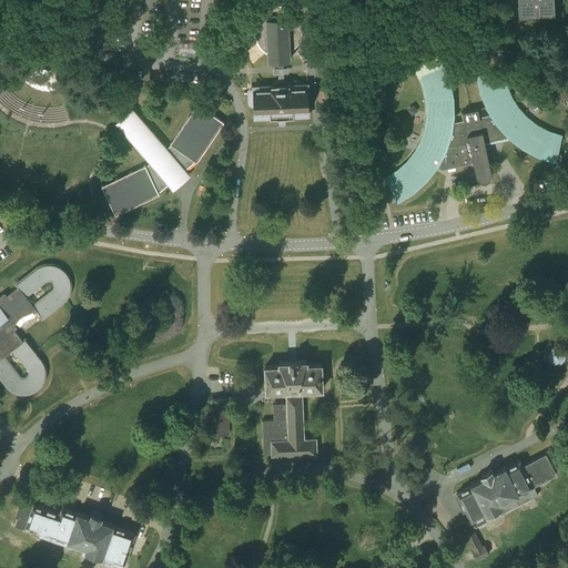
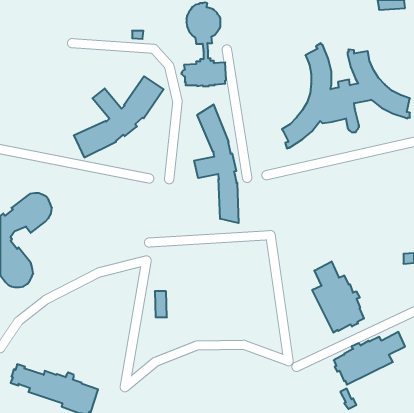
building: none -> [194,104,239,223]
building: none -> [312,261,364,333]
building: [262,362,322,457] -> none

